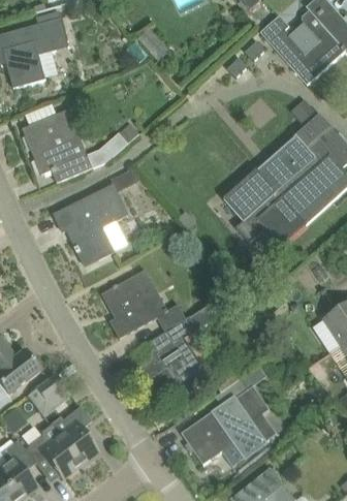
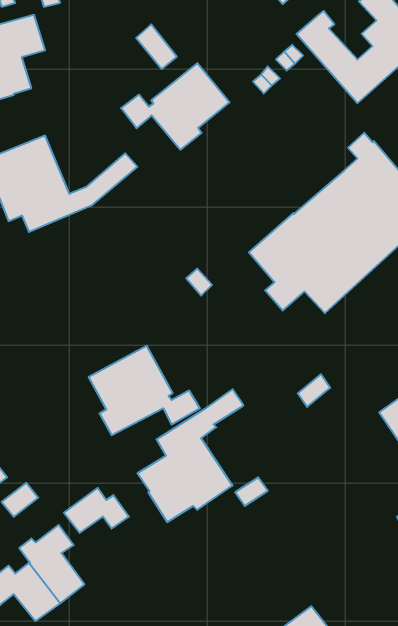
building: none -> [121,63,230,150]
building: [55,185,127,265] -> none
building: none -> [64,488,129,533]
building: [182,385,277,466] -> none

